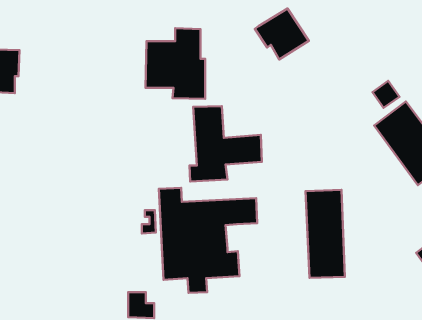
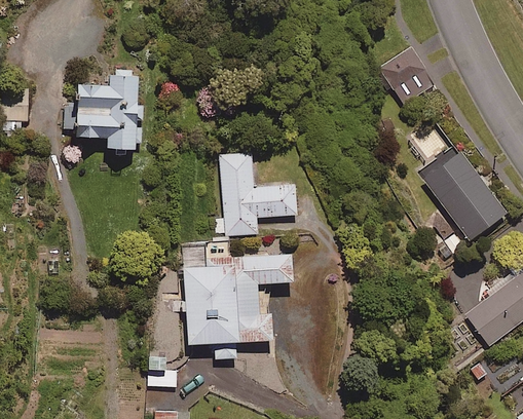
building: [255,8,309,60] -> [375,47,435,104]
building: [146,28,205,99] -> [75,71,141,149]
building: [305,190,345,278] -> none

